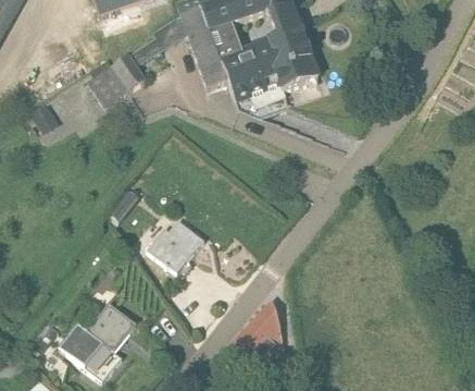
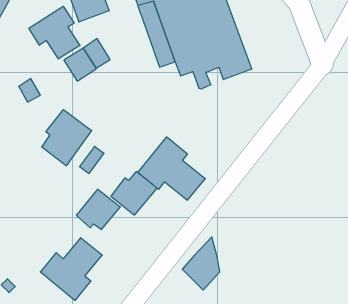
building: none -> [29,6,80,59]
building: none -> [42,110,92,166]
building: none -> [138,137,205,200]
building: none -> [76,189,120,230]

